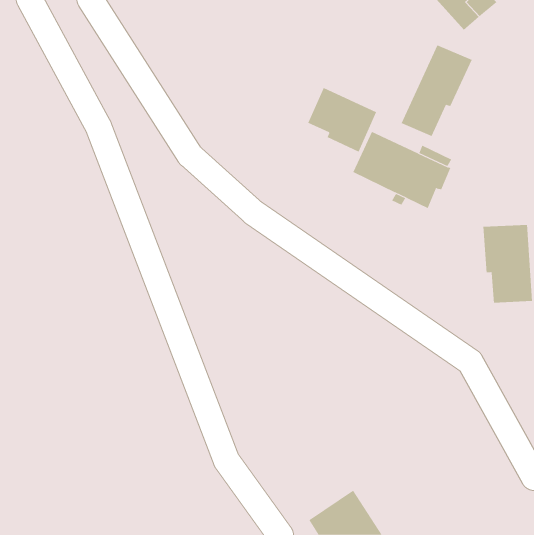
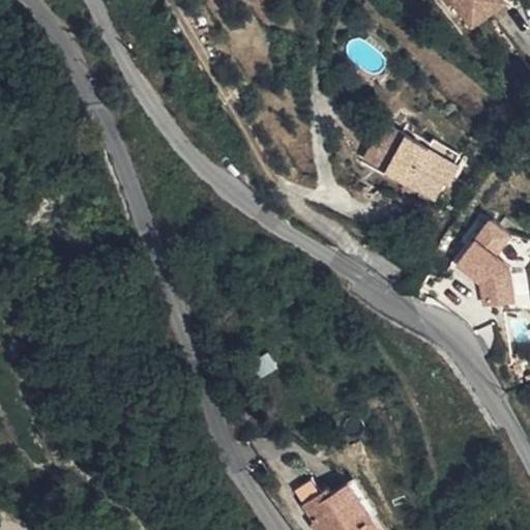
building: [401,44,472,137] -> none
building: [308,87,377,152] -> none

